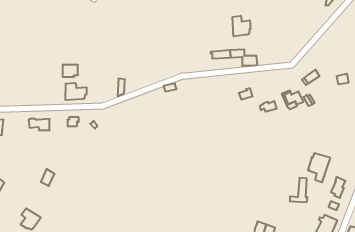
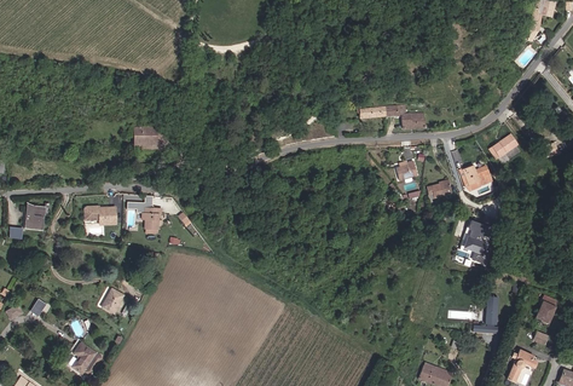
building: [233,16,250,36] -> none
building: [65,83,86,100] -> none
building: [308,153,330,182] -> [461,219,494,263]

